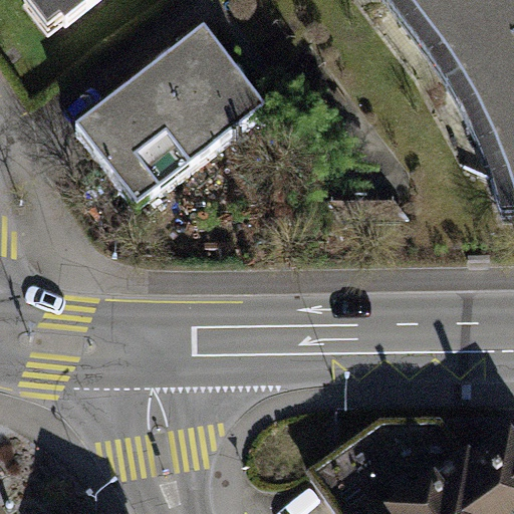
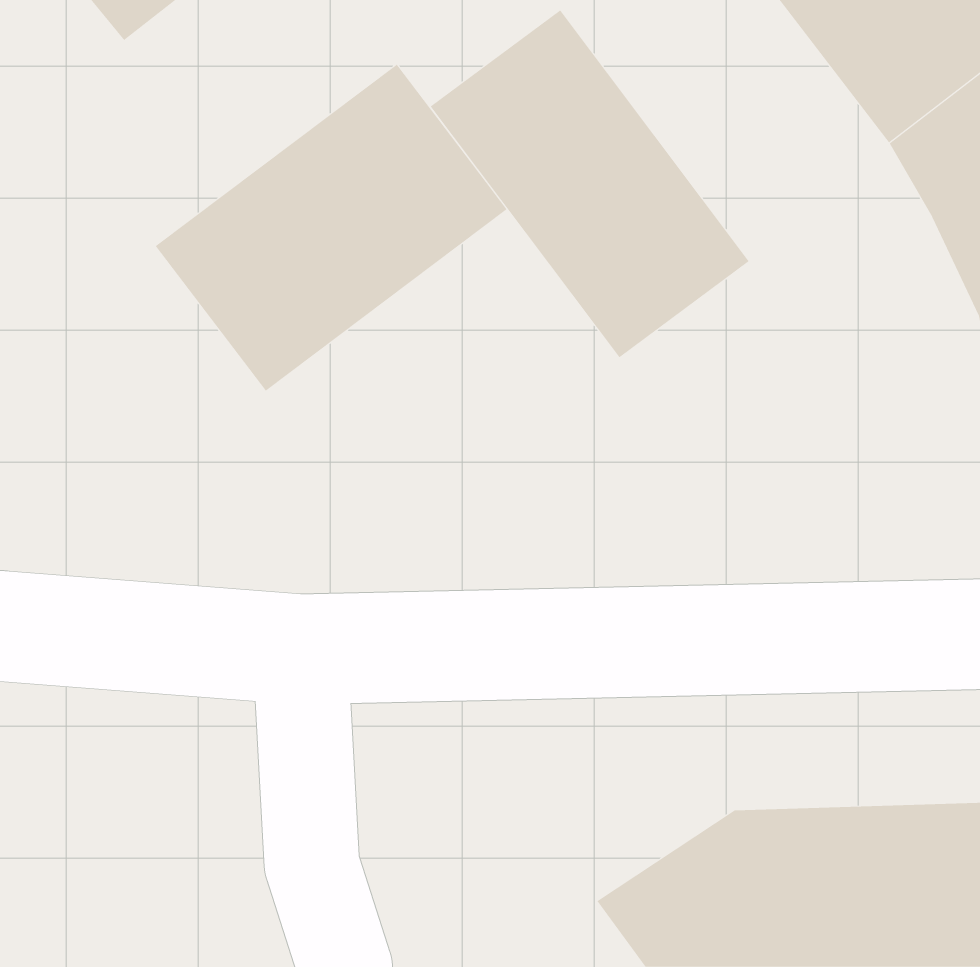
building: none -> [430,9,750,358]

